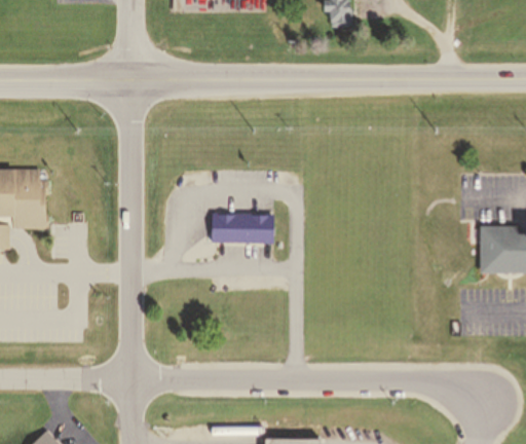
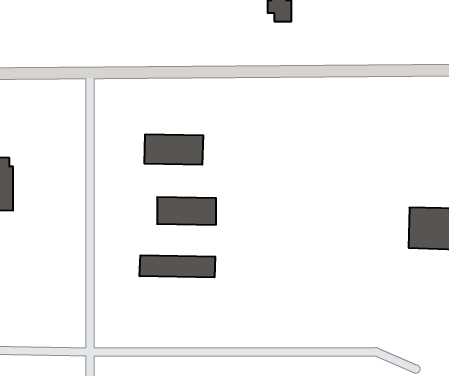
building: none -> [144,134,203,165]
building: none -> [140,255,215,277]

